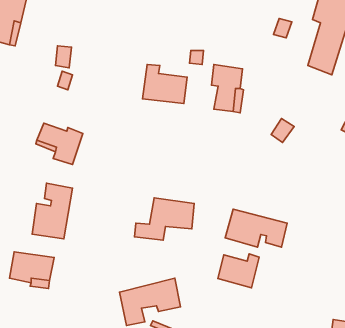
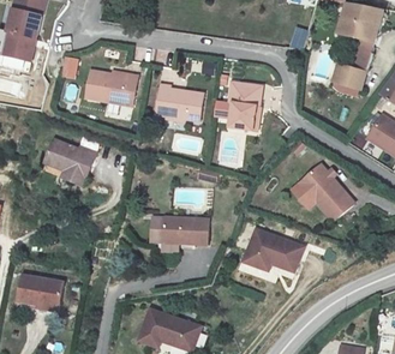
building: none -> [85,70,140,107]
building: none -> [293,170,353,224]
building: [32,183,73,239] -> none
building: [218,254,259,288] -> none

